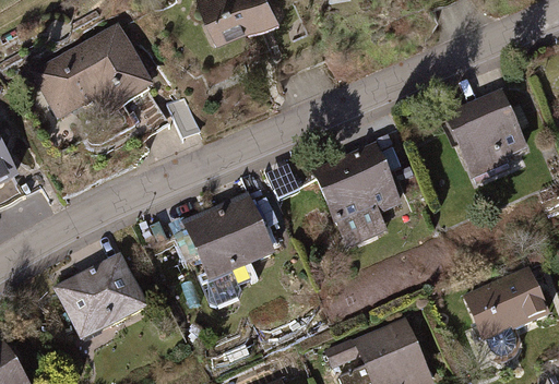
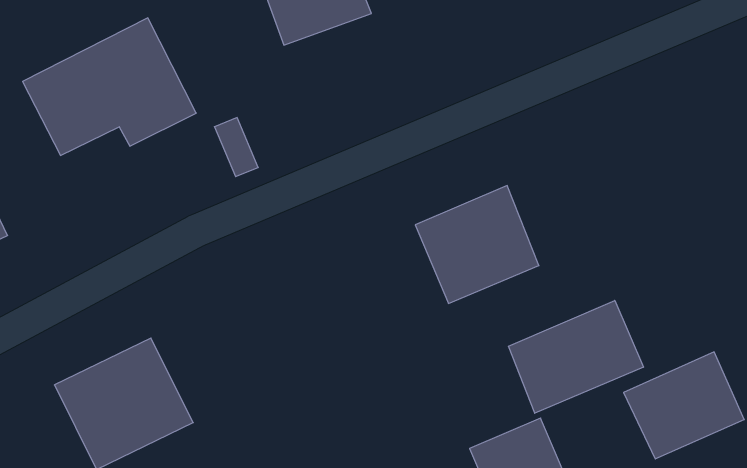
building: [447,91,534,181] -> none
building: [186,195,280,287] -> none
building: none -> [509,300,643,413]

